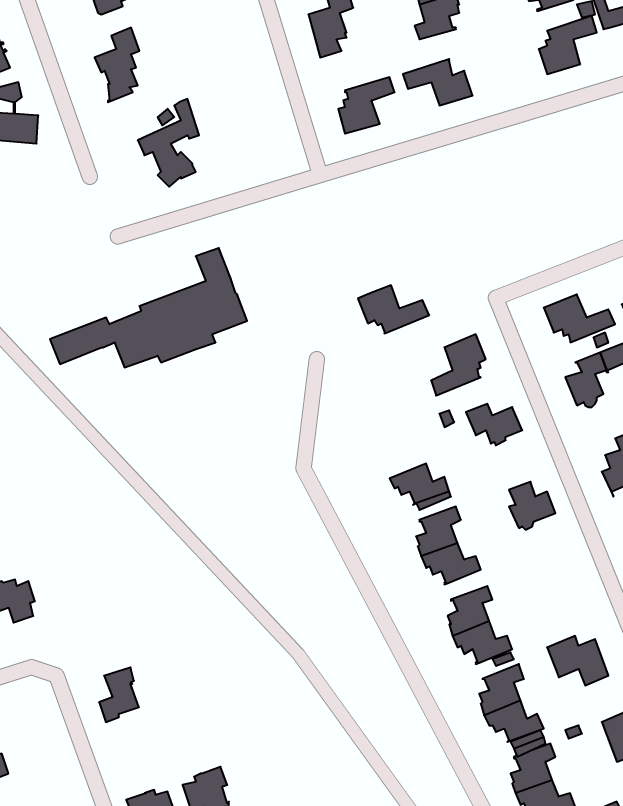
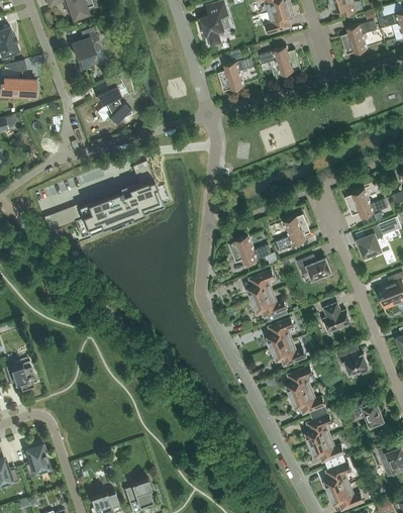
building: [358,285,429,333] -> [228,235,272,265]
building: none -> [247,270,275,301]
building: none -> [336,346,371,375]
building: [99,667,139,722] -> [25,443,49,477]

